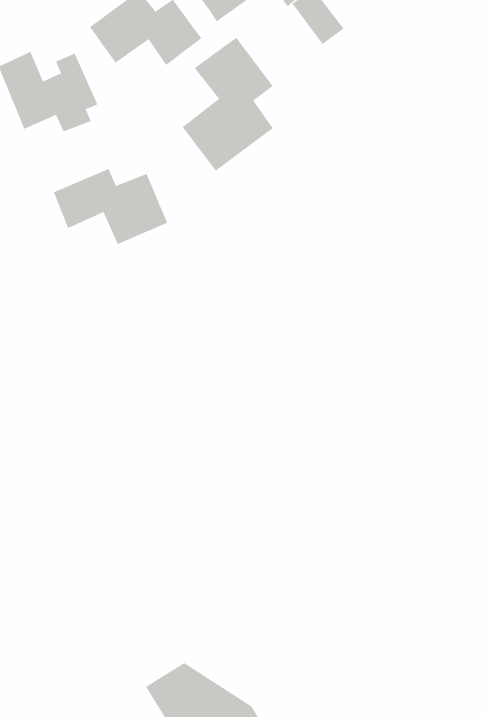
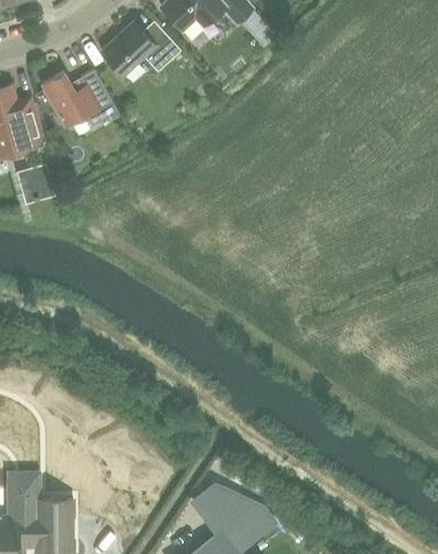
building: [182,37,274,171] -> none
building: [53,168,168,245] -> none

